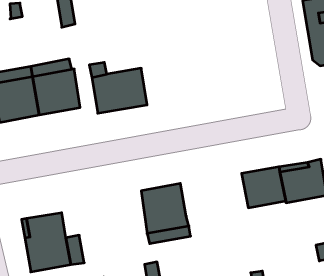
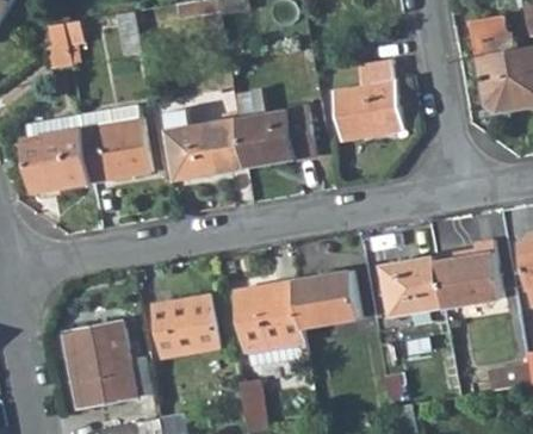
building: none -> [331,60,402,140]
building: none -> [236,105,314,169]
building: none -> [292,271,359,328]
building: none -> [151,294,221,358]

